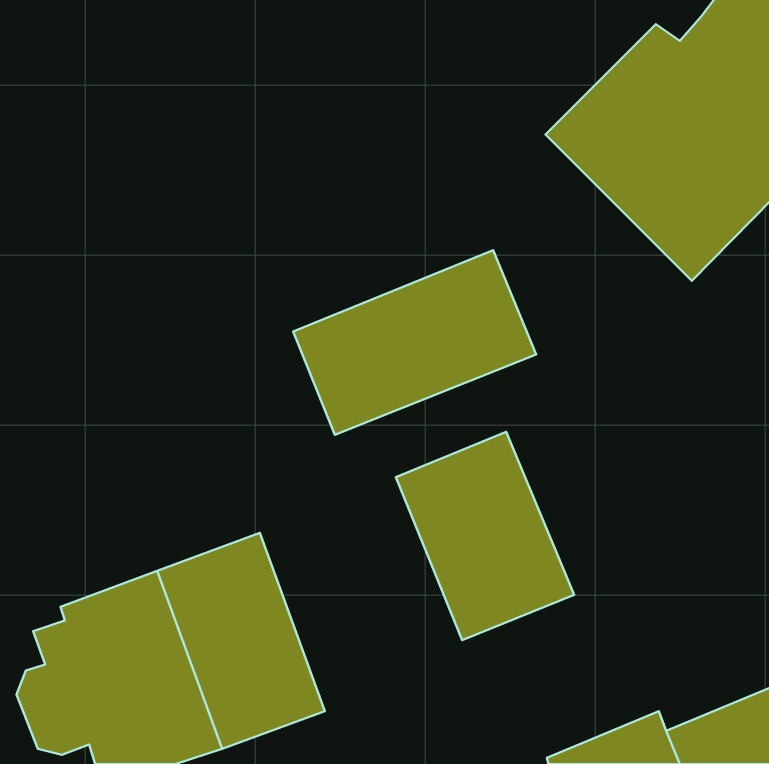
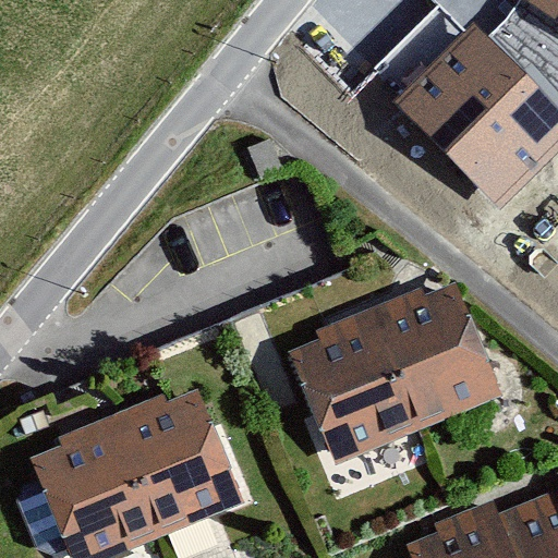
building: [293,250,536,435] -> none
building: none -> [367,279,496,429]

